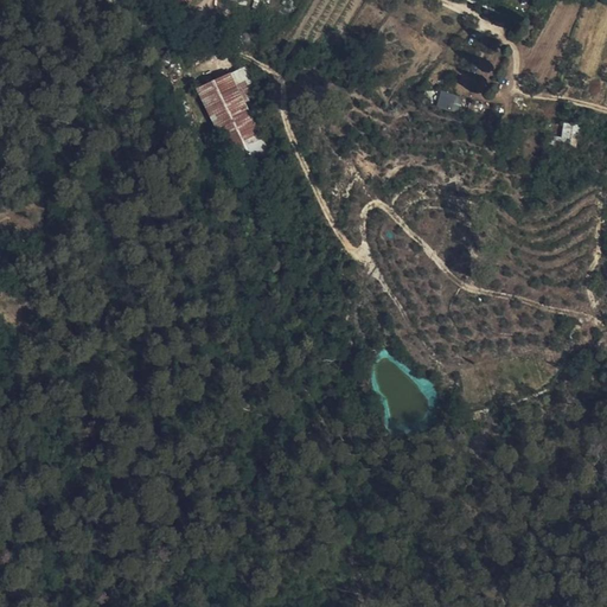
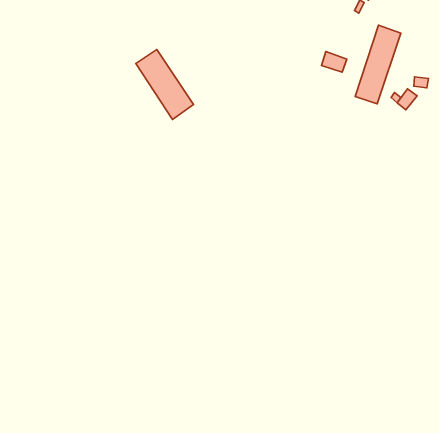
building: none -> [355,25,401,104]

